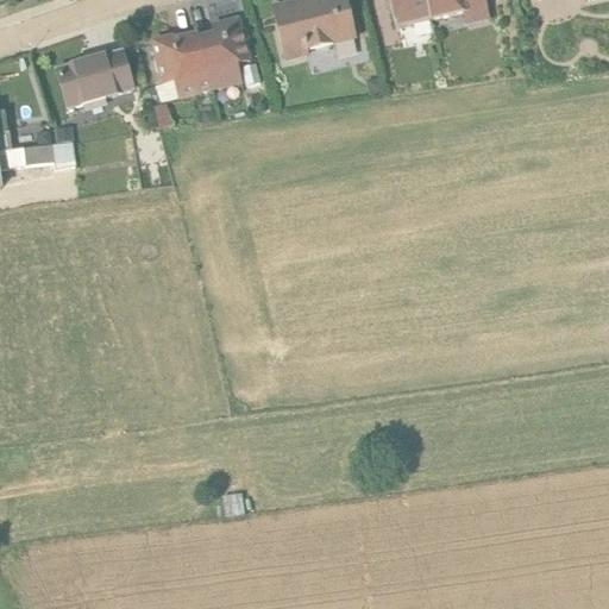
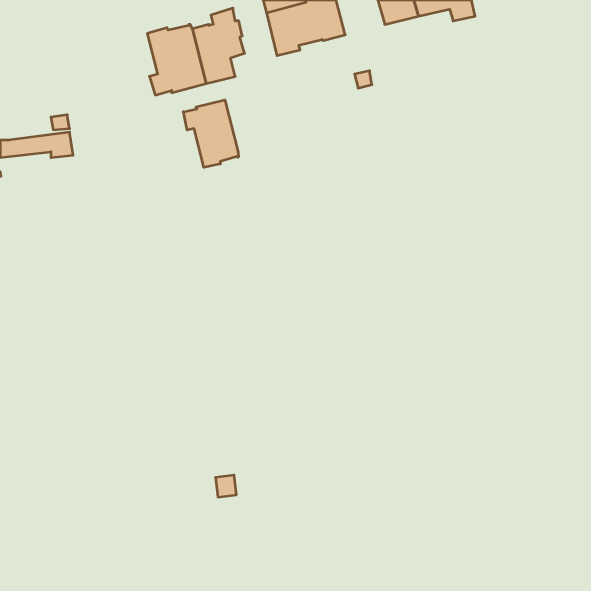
building: [56,44,132,103] -> none
building: none -> [183,100,238,167]

